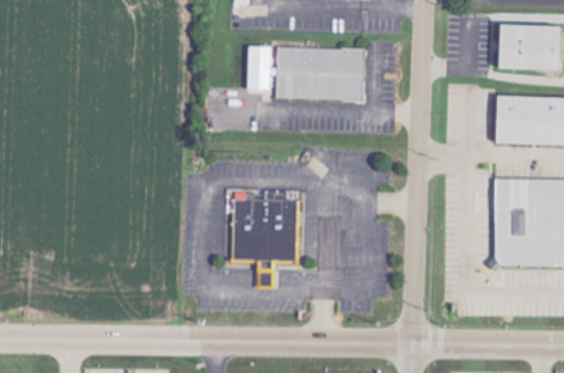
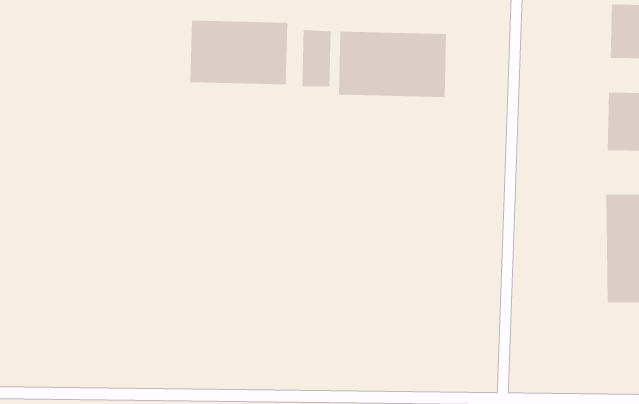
building: none -> [190,20,288,85]
building: [232,196,297,287] -> none

